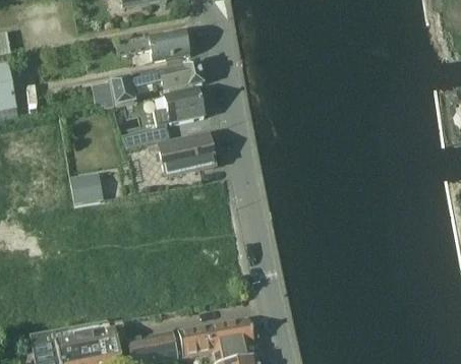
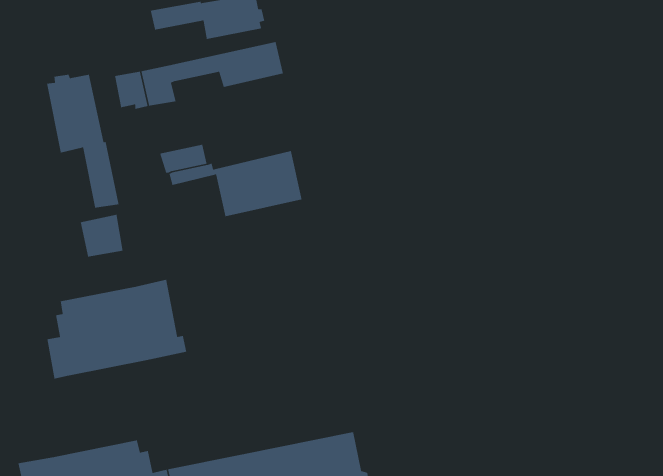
building: none -> [46,74,119,209]
building: [154,88,205,126] -> none
building: none -> [47,279,187,379]

